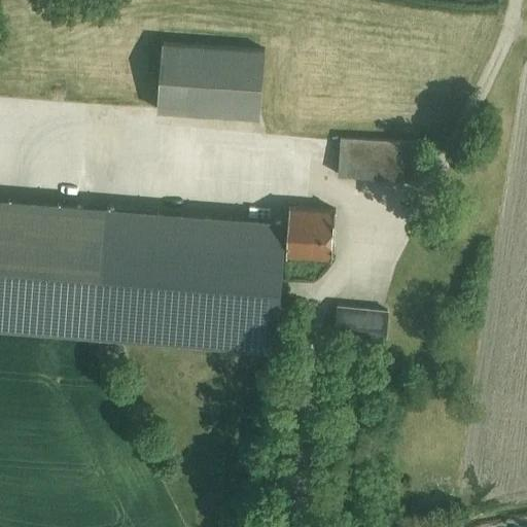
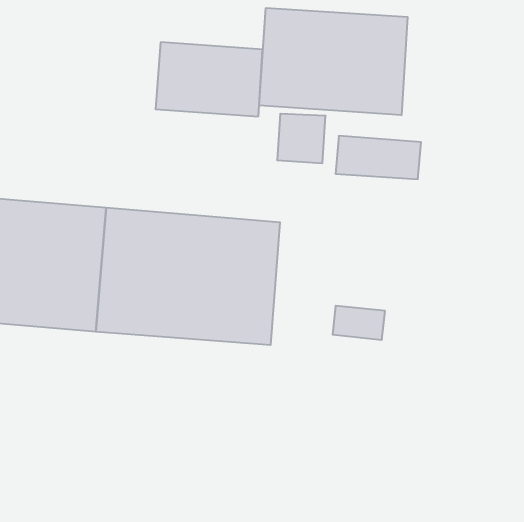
building: none -> [259,8,408,115]
building: [285,211,333,260] -> [277,114,326,163]

